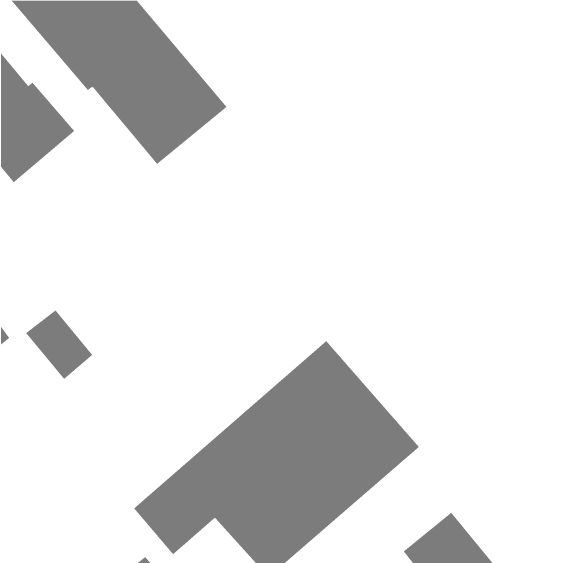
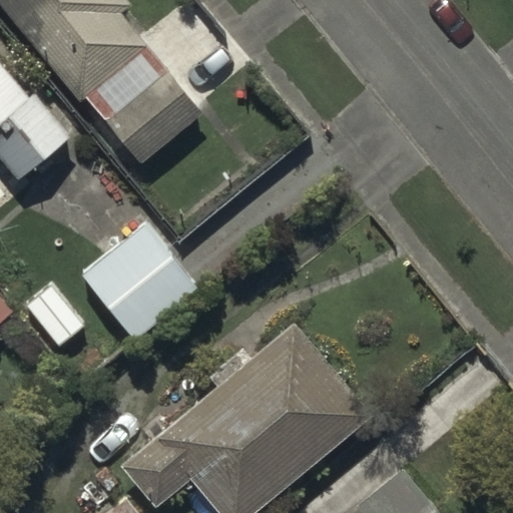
building: none -> [81,224,196,340]

